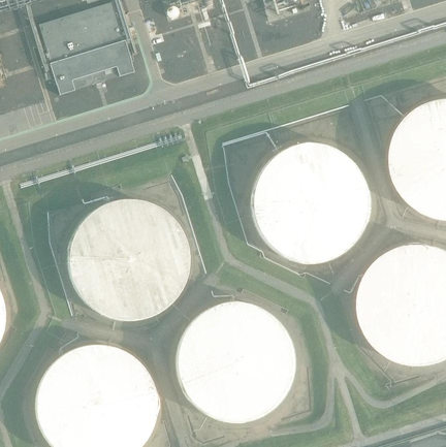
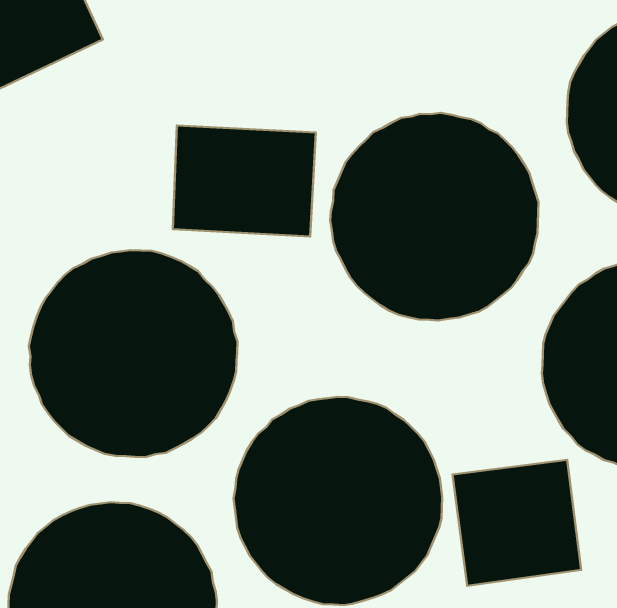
building: none -> [173,126,316,236]
building: none -> [452,460,581,586]

